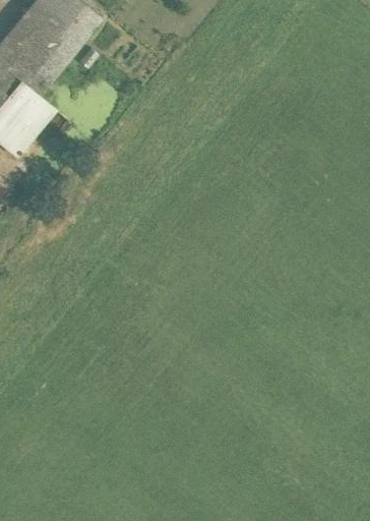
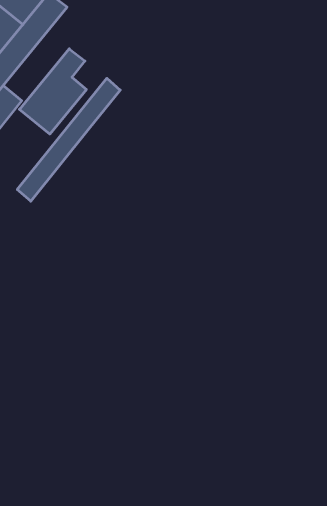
building: none -> [19,49,86,134]
building: none -> [17,78,120,201]

